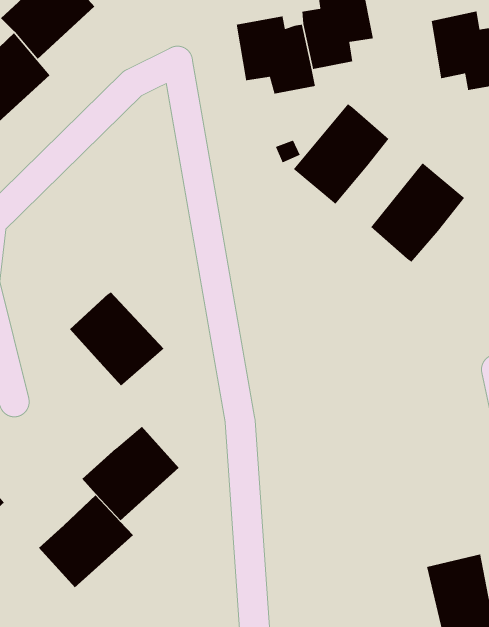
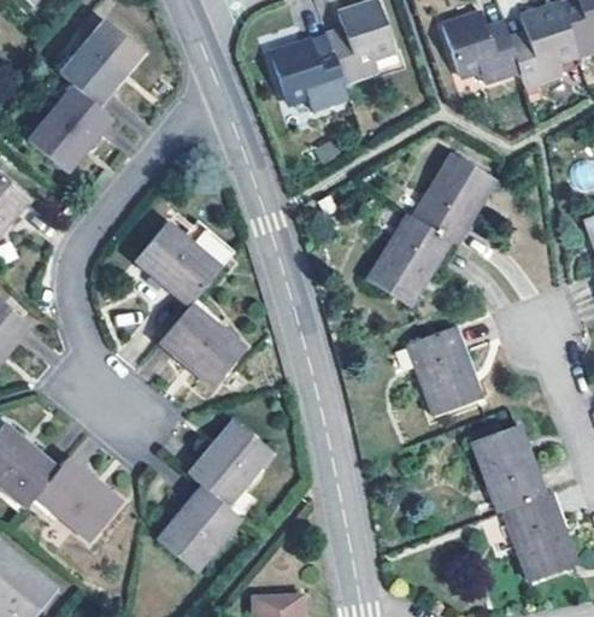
building: [293,103,389,205] -> [367,213,449,305]
building: none -> [136,219,235,306]
building: none -> [410,327,480,415]
building: none -> [474,423,545,512]

